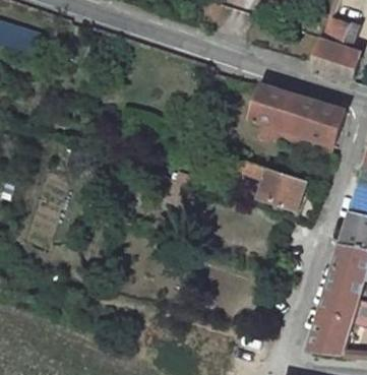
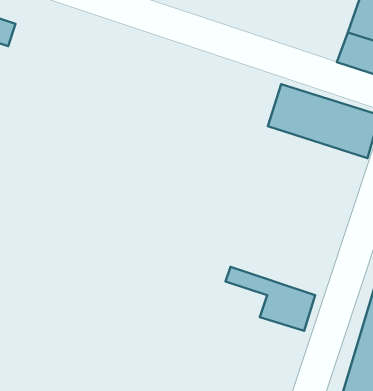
building: [229,157,303,209] -> [225,267,315,331]

